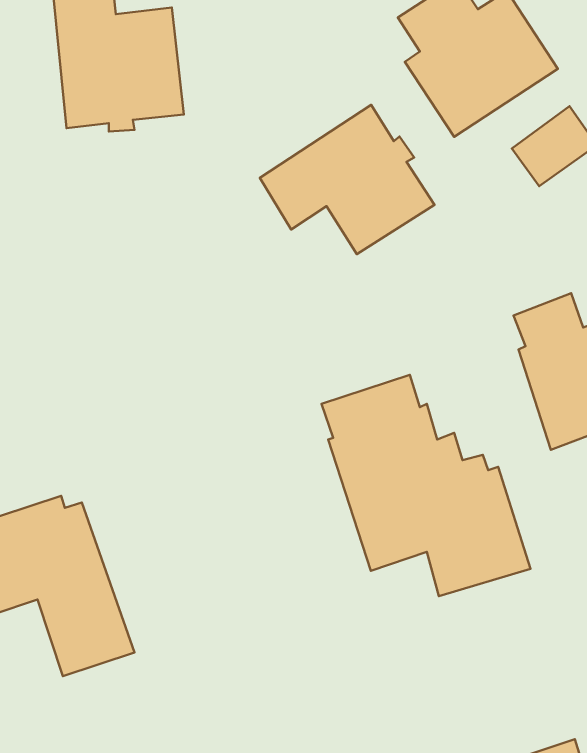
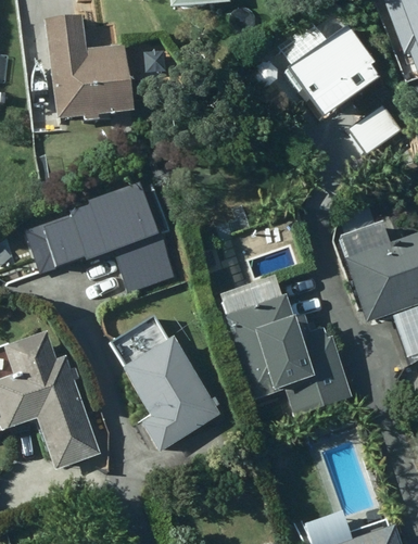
building: [260,105,434,254] -> none
building: none -> [28,184,175,299]
building: none -> [118,330,220,448]

